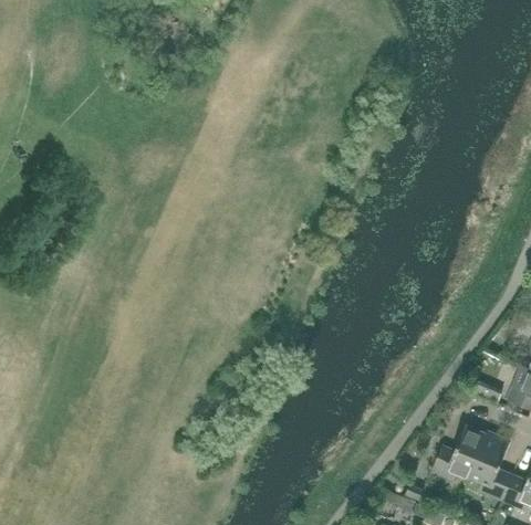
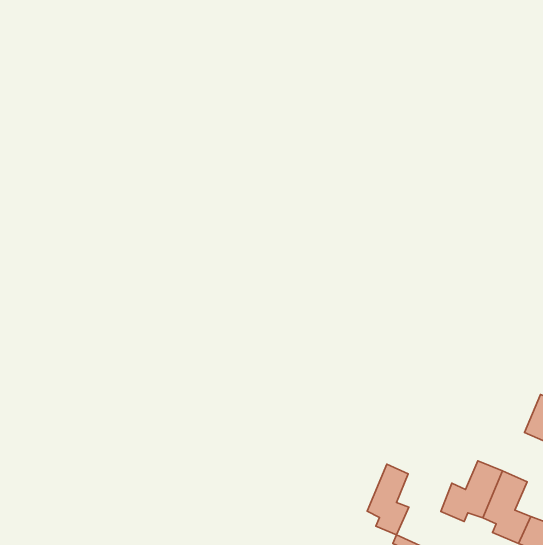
building: none -> [367,464,409,535]

